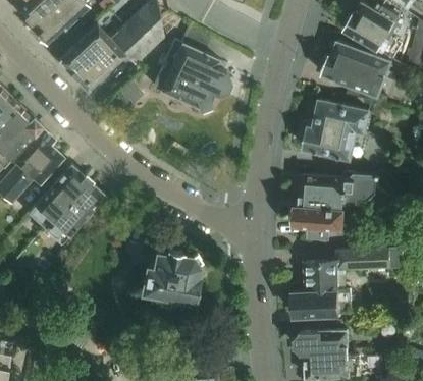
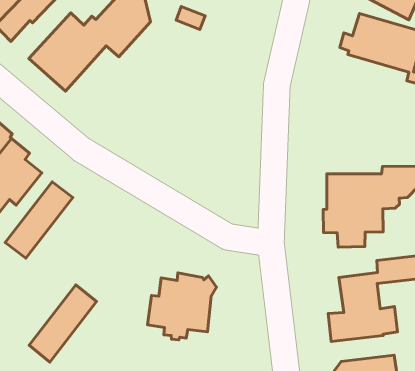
building: [155,44,229,112] -> none
building: [306,101,370,159] -> none
building: [45,180,104,243] -> [29,285,97,362]

